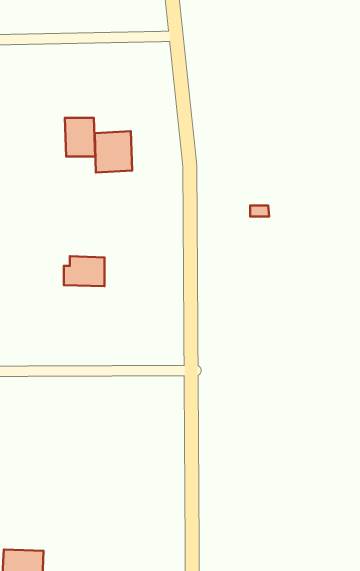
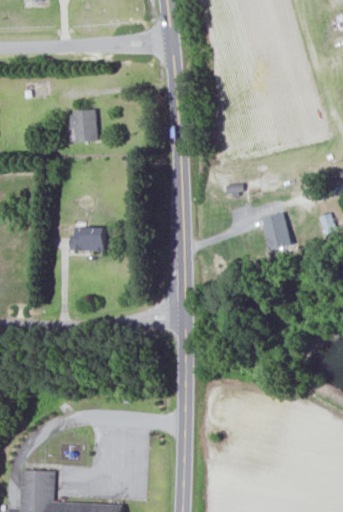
building: [95,131,132,173] -> none
building: none -> [262,212,290,250]

